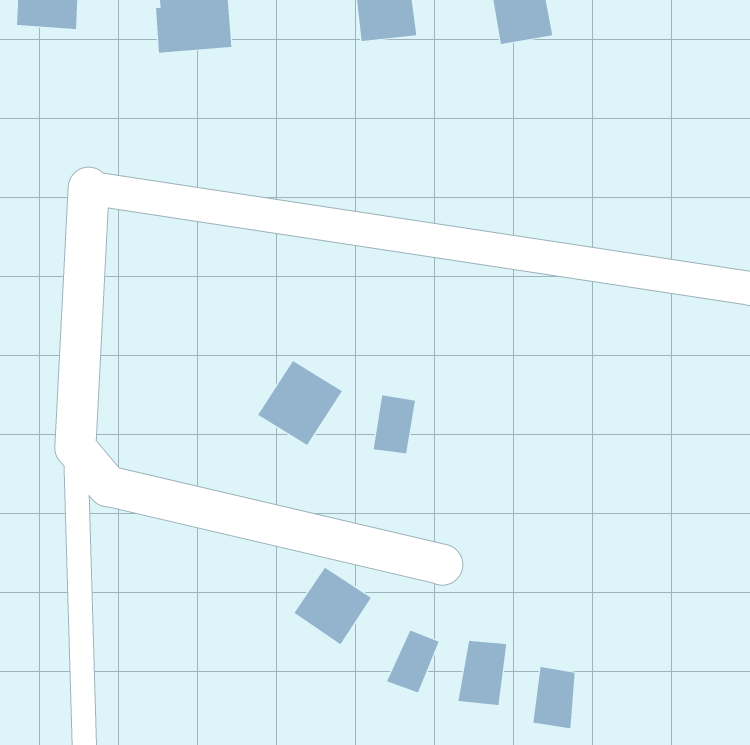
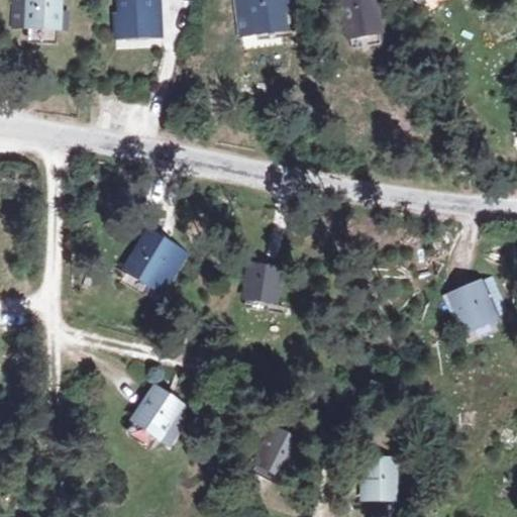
building: [257,360,343,446] -> [126,233,185,292]
building: none -> [460,288,493,329]
building: [294,567,372,645] -> [135,388,189,441]
building: [458,640,507,706] -> none

